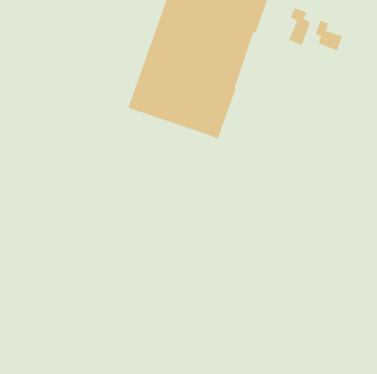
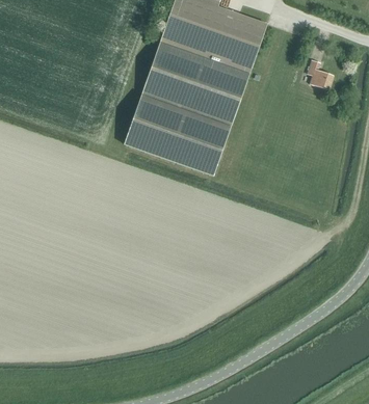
building: [288,7,311,46] -> none

